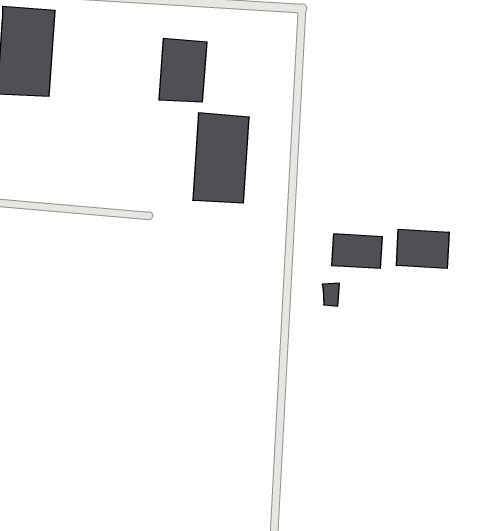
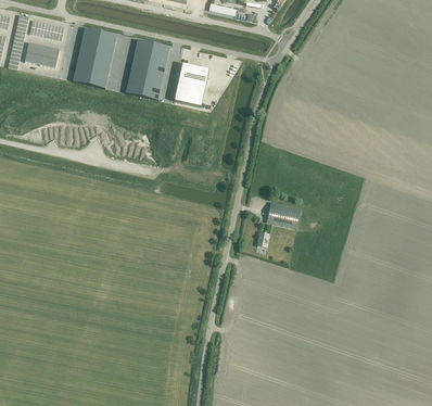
building: [193,113,249,203] -> [126,38,169,99]
building: [396,229,449,268] -> none

